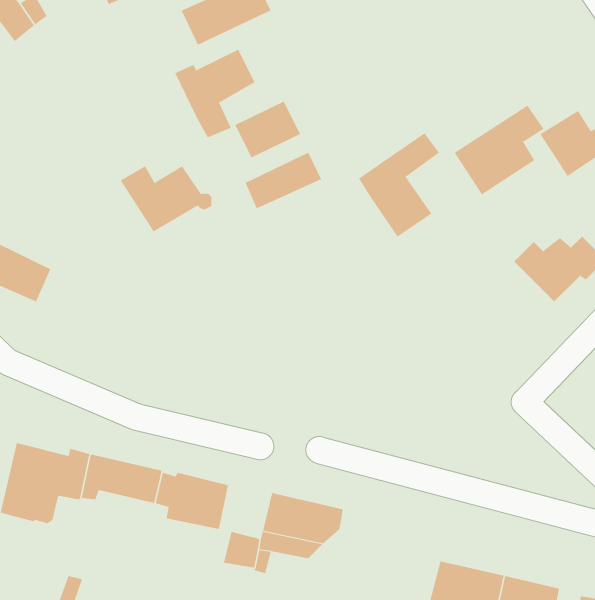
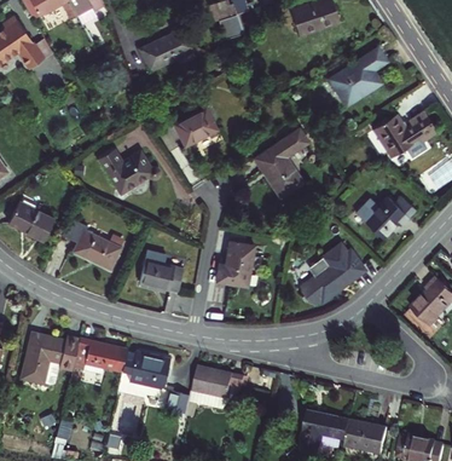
building: [175,49,255,138] -> none
building: [454,105,544,195] -> [328,47,387,106]
building: [245,152,322,209] -> none
building: none -> [59,218,124,269]
building: none -> [214,241,255,287]
building: none -> [299,244,365,305]
building: none -> [139,249,182,293]

